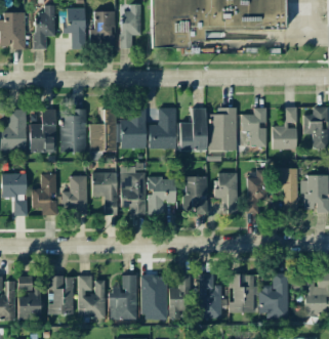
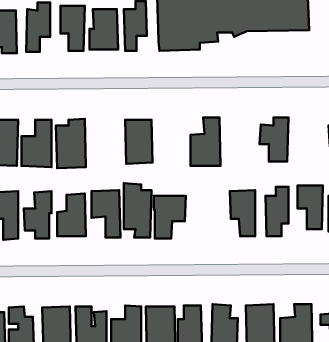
building: [272,107,297,150] -> none
building: [150,108,176,149] -> none
building: [209,108,238,151] -> none
building: [90,109,117,152] -> none
building: [183,176,207,213] -> none

